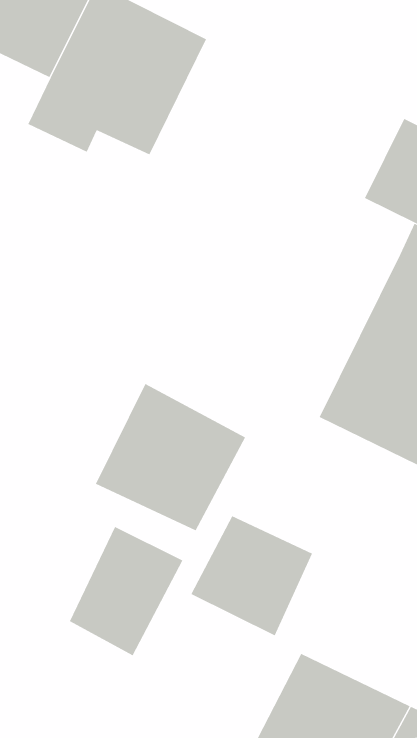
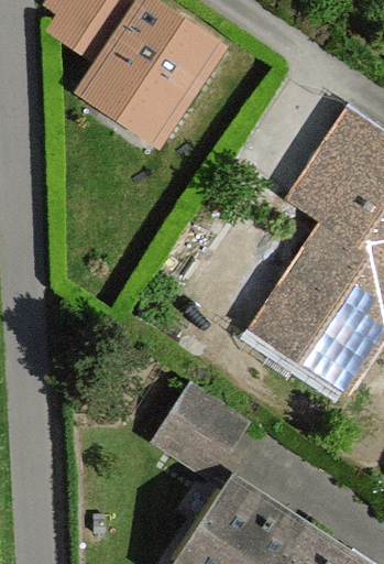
building: [95,383,246,531] -> none
building: [69,526,183,656] -> none

